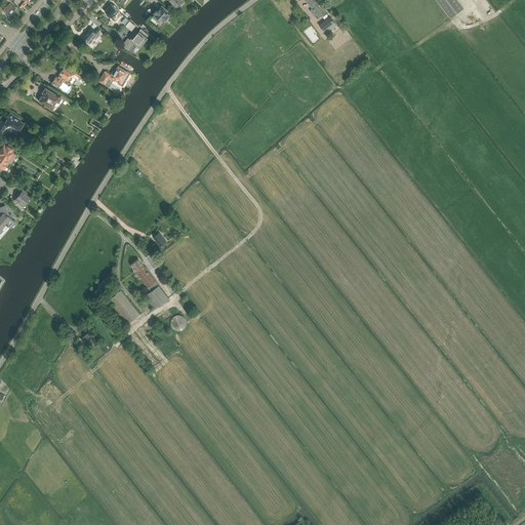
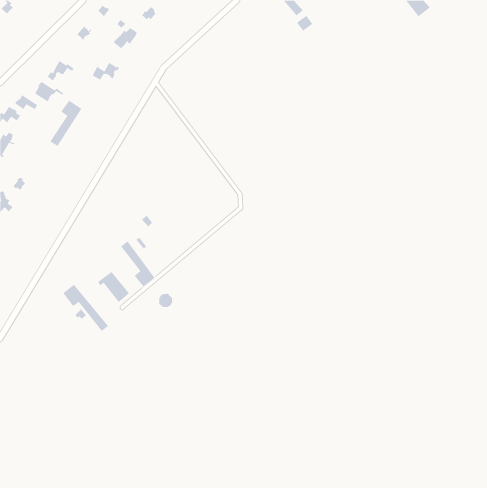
building: none -> [49,100,82,147]
building: none -> [62,284,109,332]

